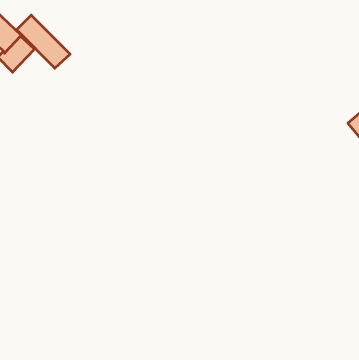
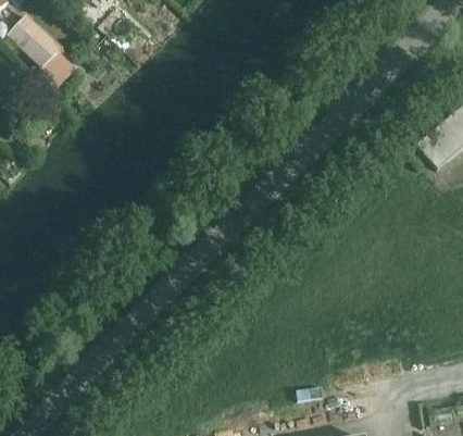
building: [16,15,70,68] -> none

